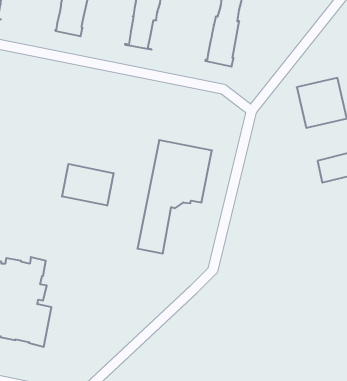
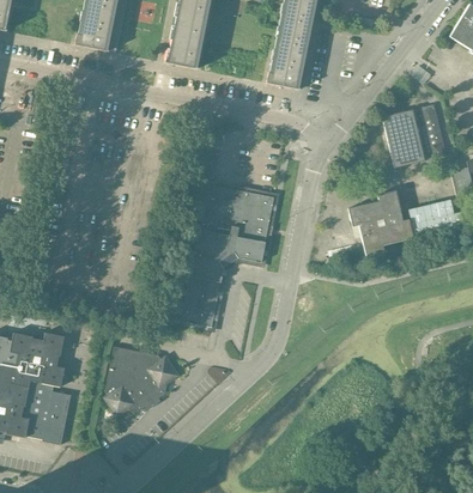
building: none -> [350,189,414,254]
building: [62,164,114,206] -> none
building: none -> [104,345,178,415]

